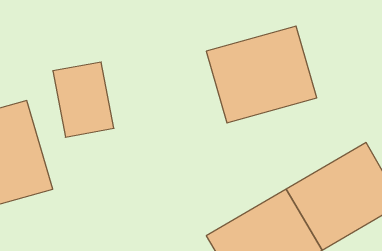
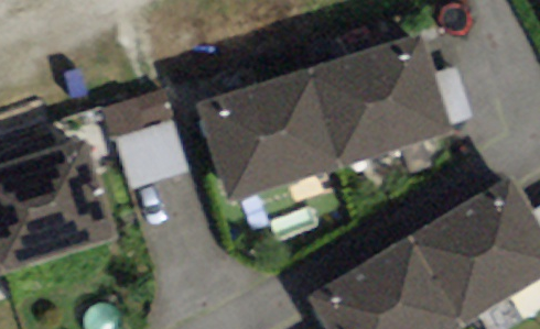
building: none -> [197,75,332,194]

